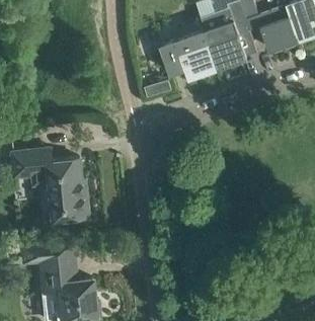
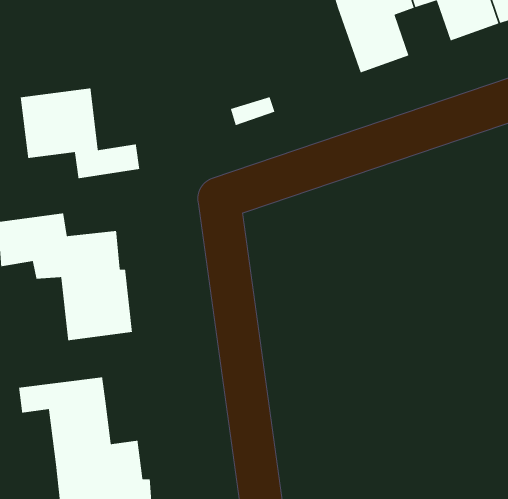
building: [161,31,219,79] -> none
building: none -> [20,88,140,179]

